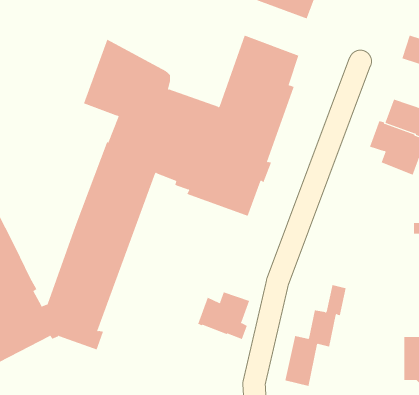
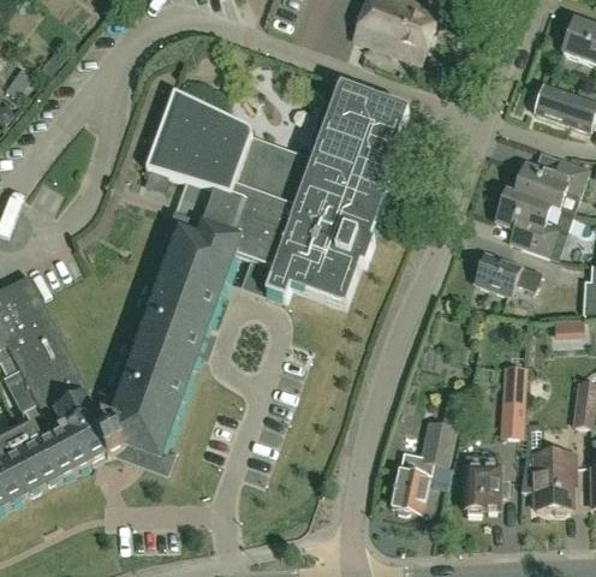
building: none -> [472,252,538,296]
building: none -> [503,371,530,441]
building: [198,291,250,340] -> none
building: none -> [461,454,507,513]

